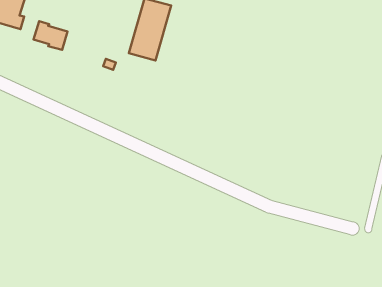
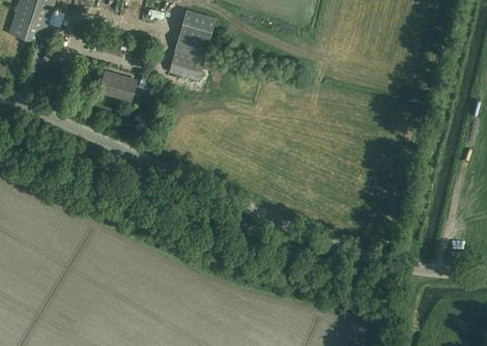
building: [34,21,68,50] -> [98,71,137,104]

